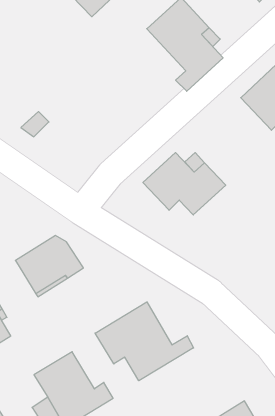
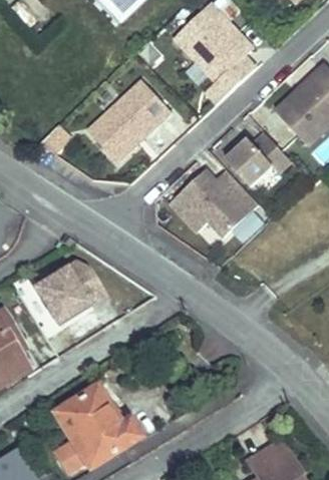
building: none -> [87,79,172,161]
building: none -> [227,132,292,185]
building: [95,302,194,381] -> none

